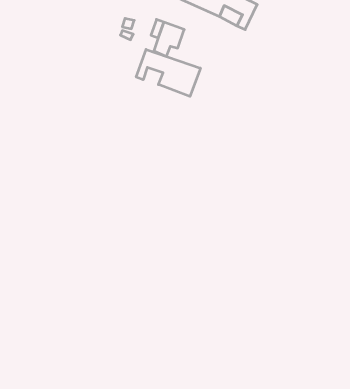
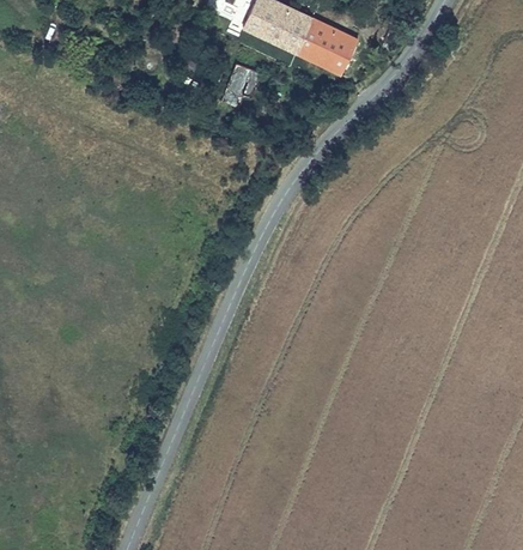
building: [136,49,200,96] -> none

